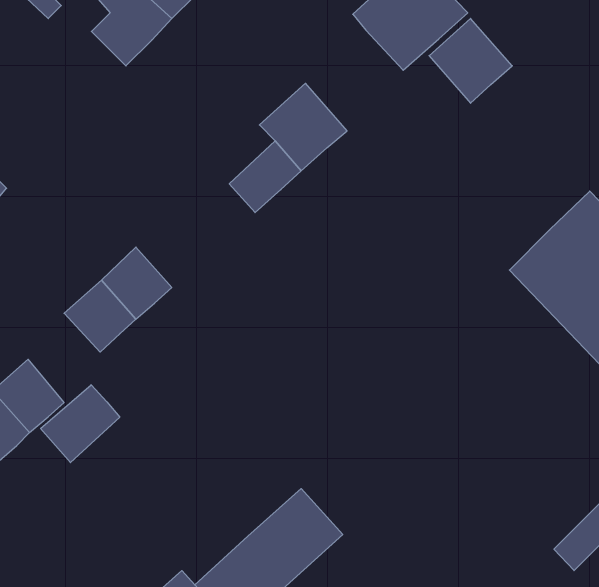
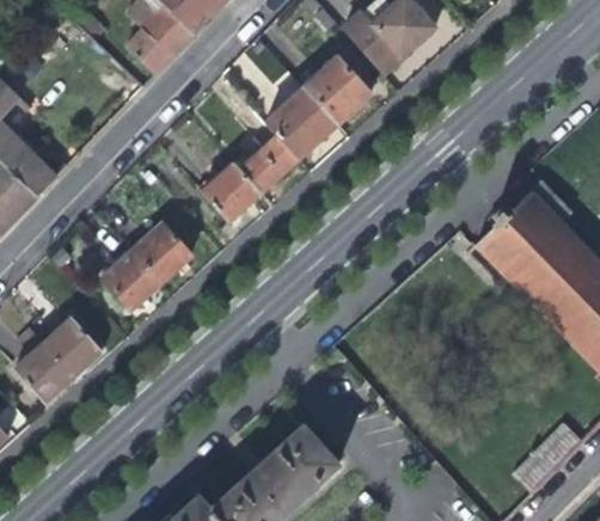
building: [429,18,512,103] -> [305,56,374,127]
building: none -> [203,164,263,223]
building: [41,385,120,463] -> none

